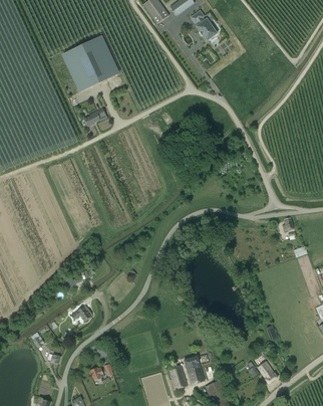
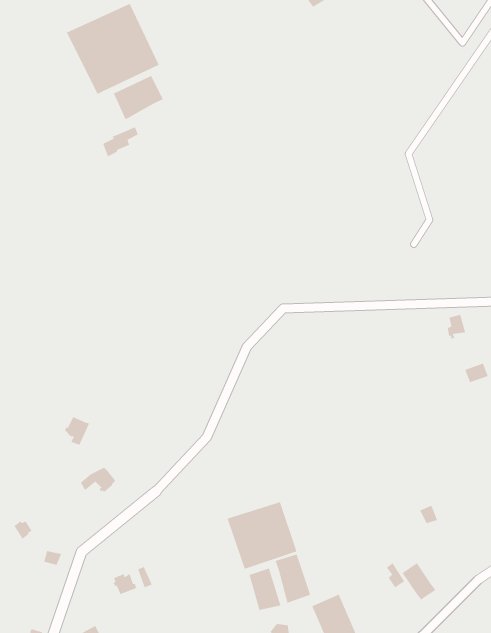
building: none -> [113,75,164,121]
building: none -> [226,501,298,570]

